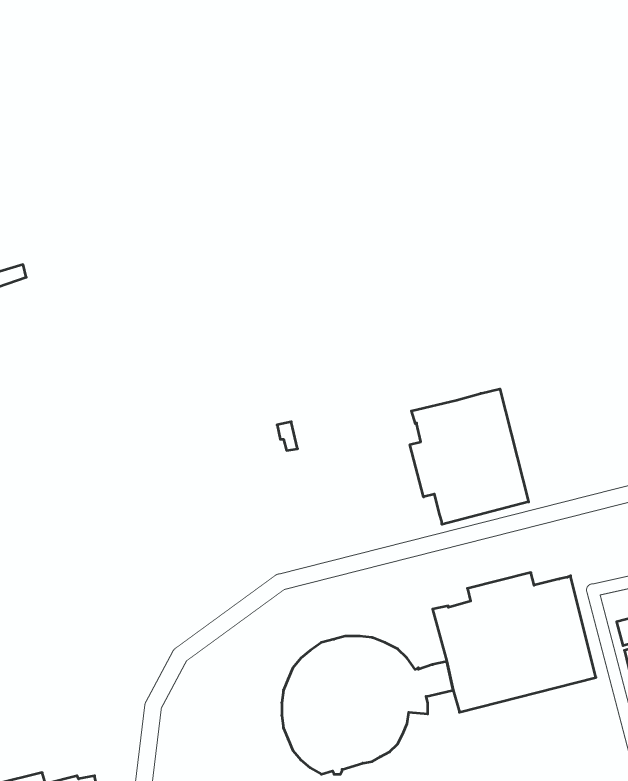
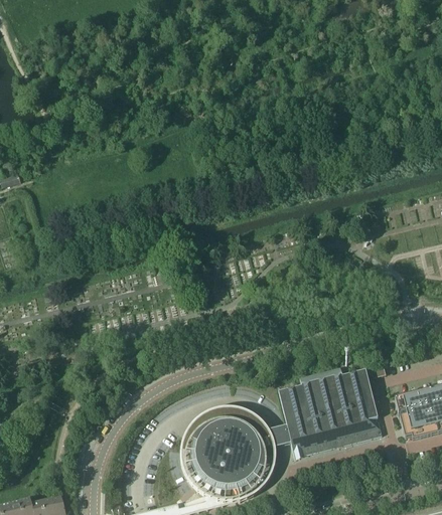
building: [410,389,529,524] -> none

